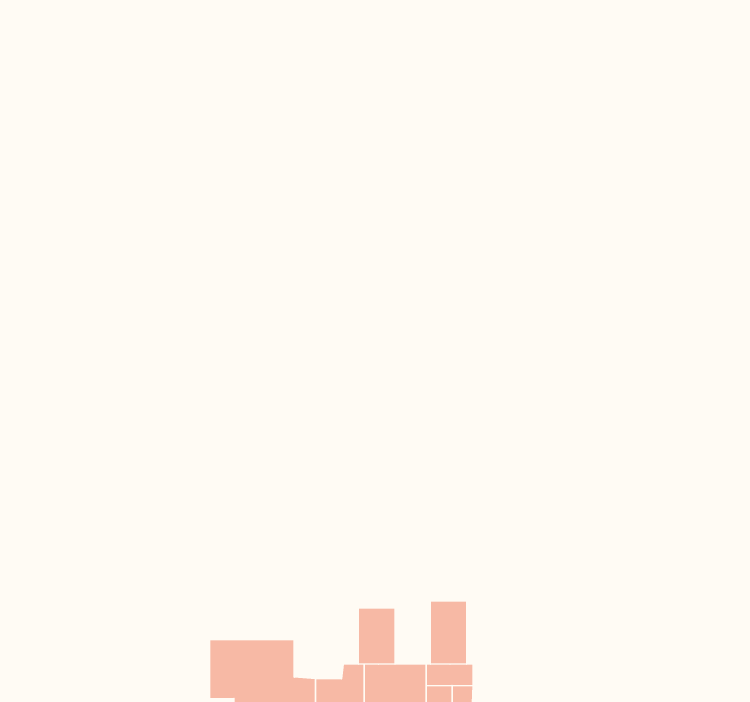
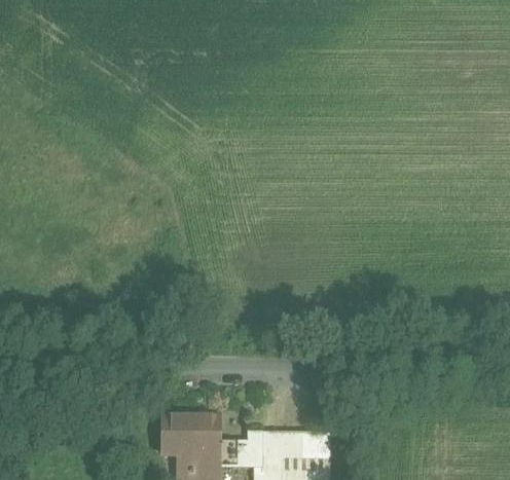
building: [430,601,466,664] -> none
building: [358,608,395,664] -> none

